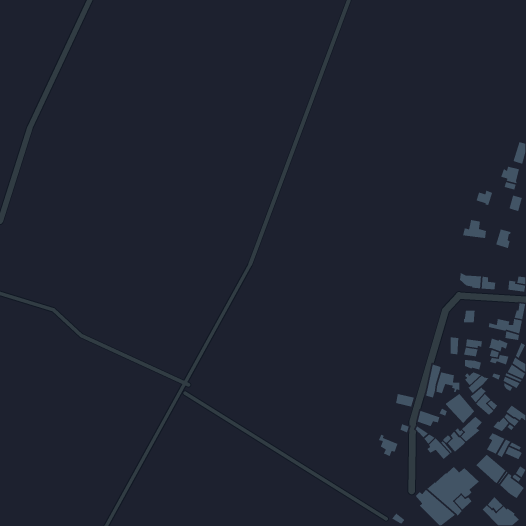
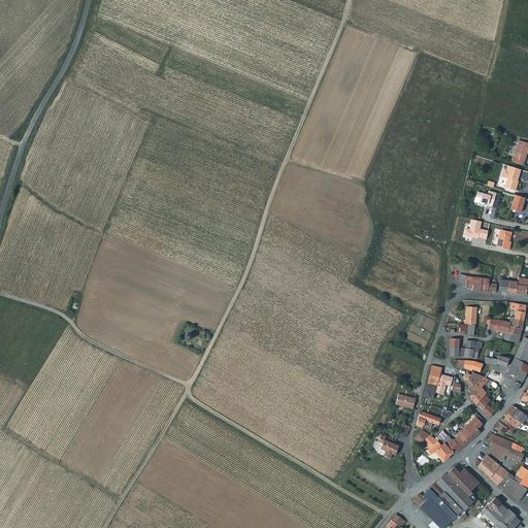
building: [445,393,475,424] -> none

